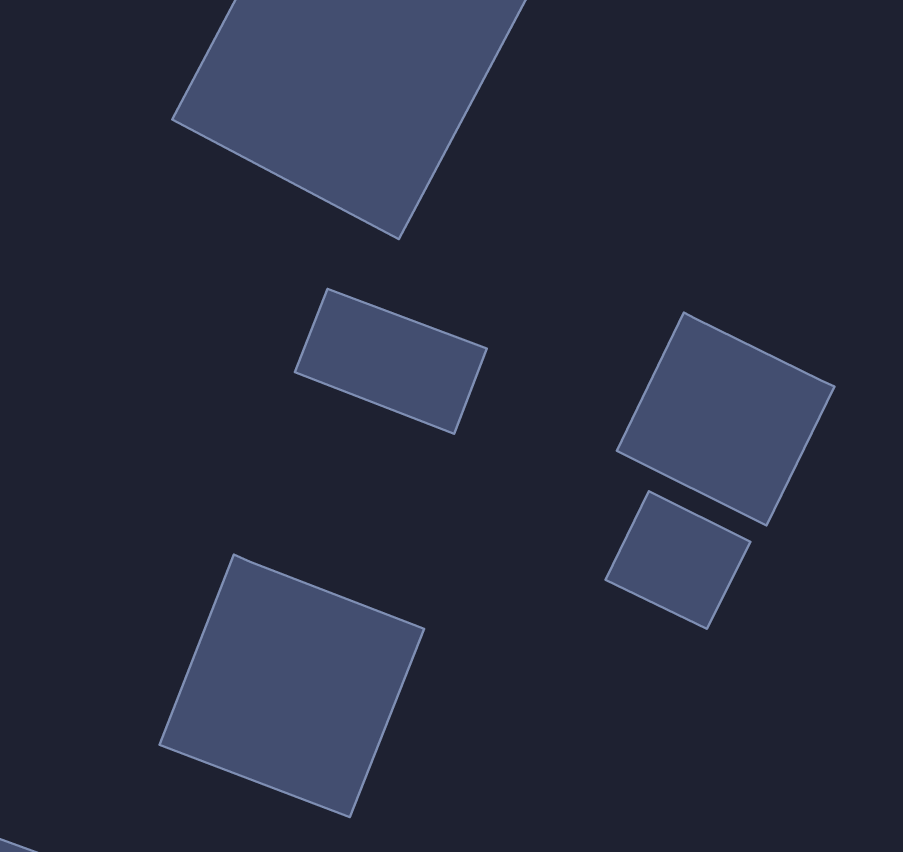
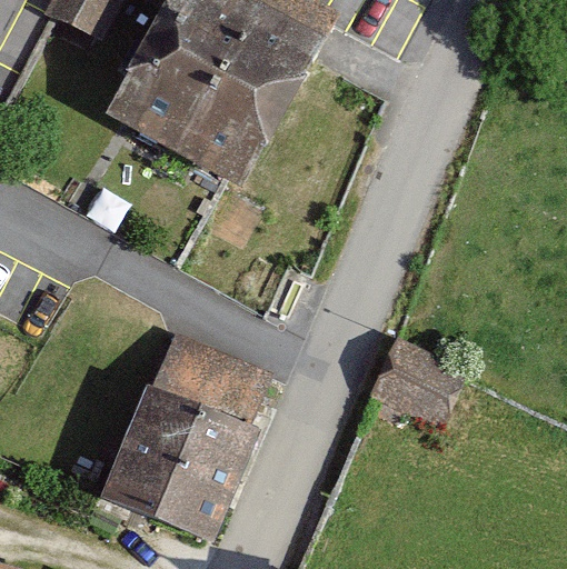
building: [295,289,487,434] -> [153,333,271,422]
building: [617,313,835,526] -> none

